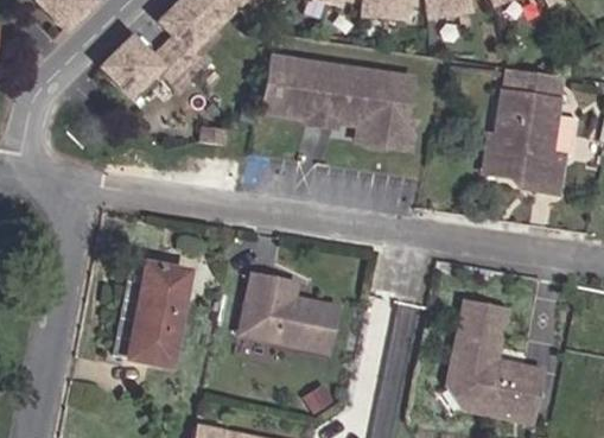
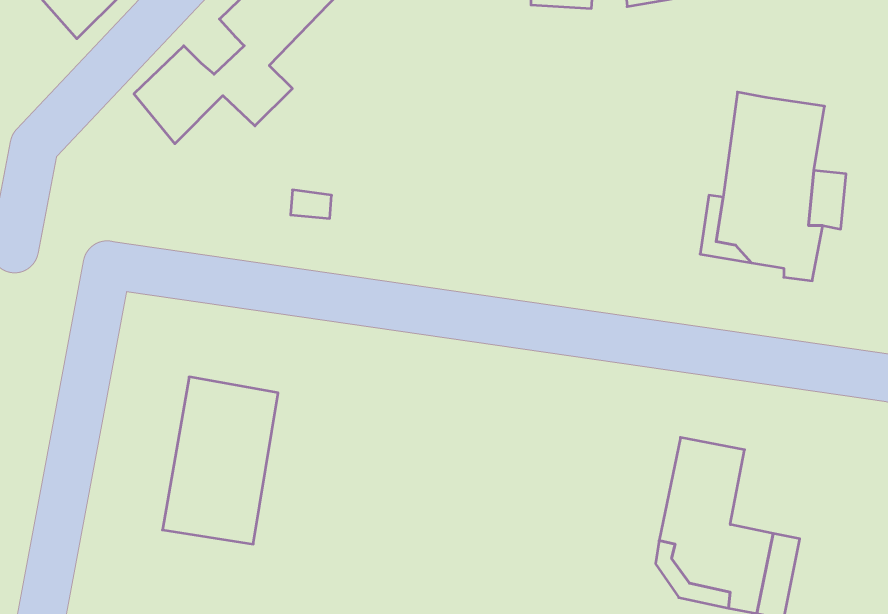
building: [265,53,418,147] -> none
building: [240,272,338,351] -> none

